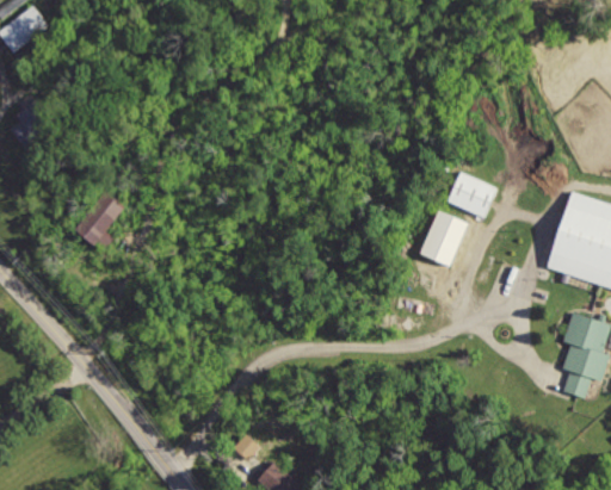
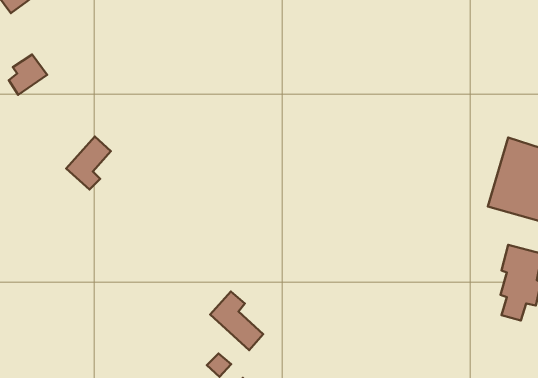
building: [448,173,495,216] -> none
building: [420,210,467,266] -> none
building: none -> [210,292,263,350]

